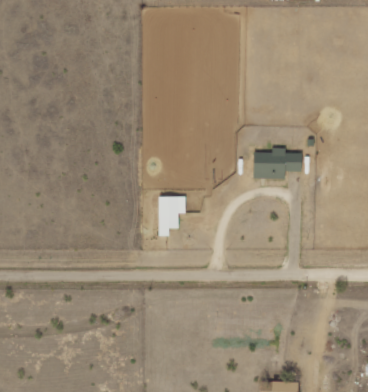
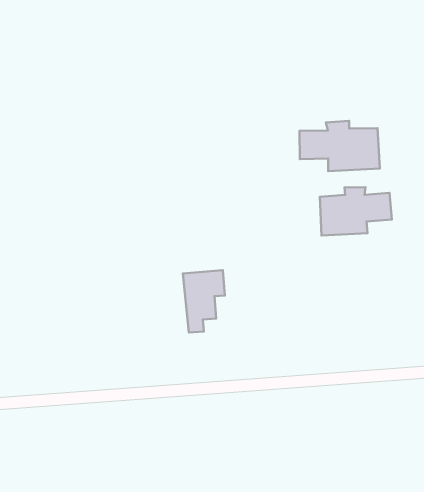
building: none -> [299,121,380,171]

